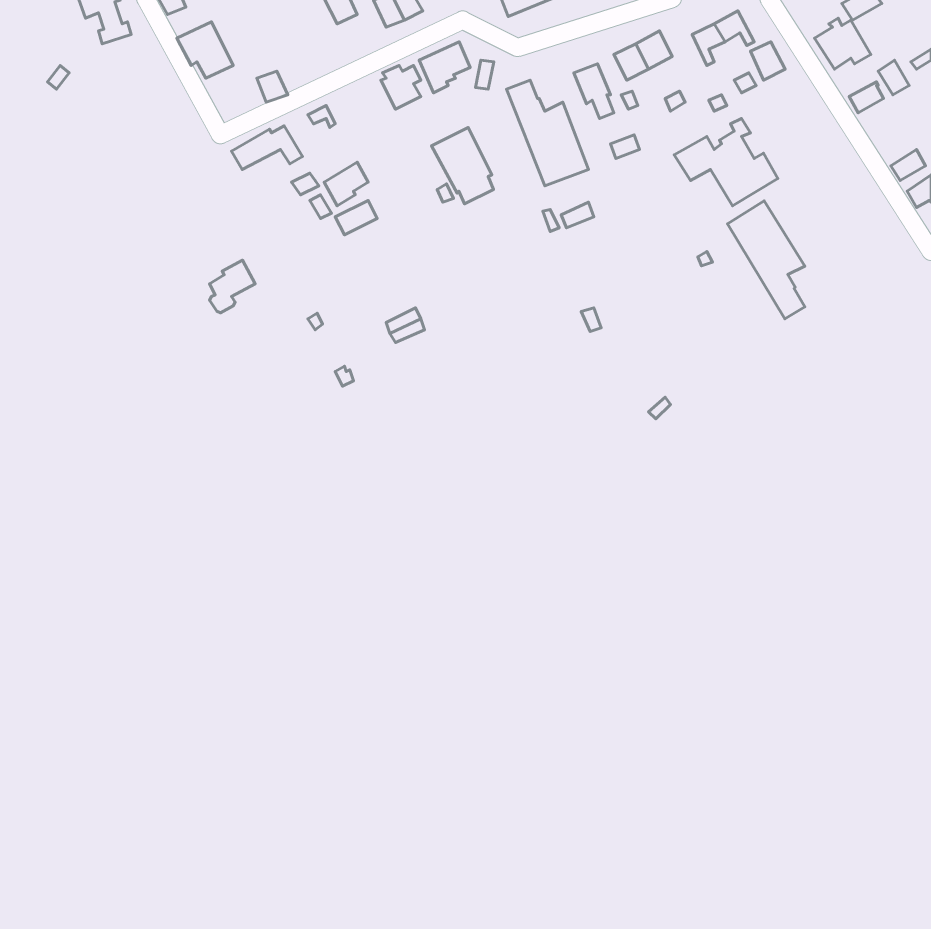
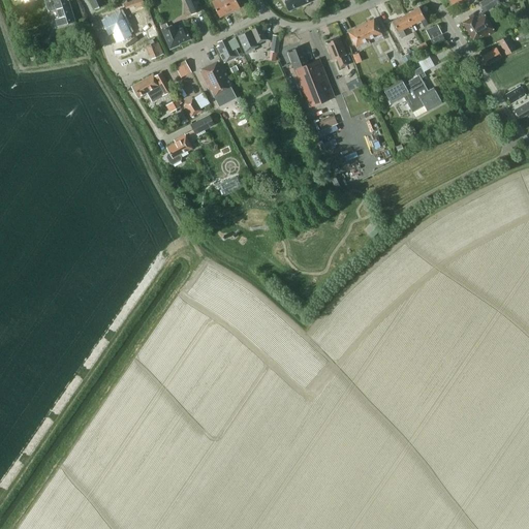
building: none -> [160,23,190,48]
building: [432,127,494,204] -> [199,59,235,102]
building: [728,201,805,319] -> none
building: [210,260,255,313] -> [166,133,192,163]

